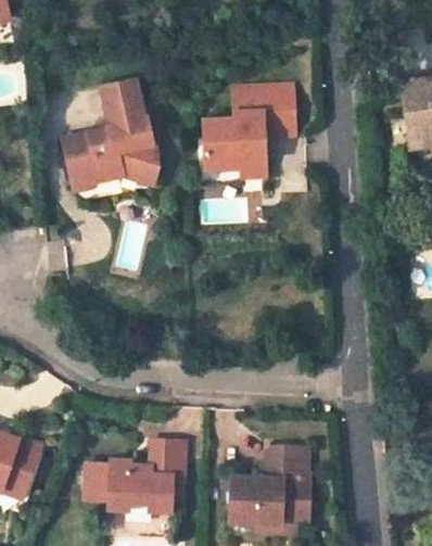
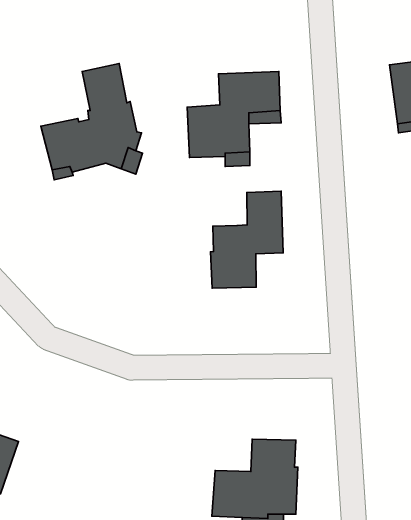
building: none -> [211,191,283,288]
building: [86,440,185,511] -> none

